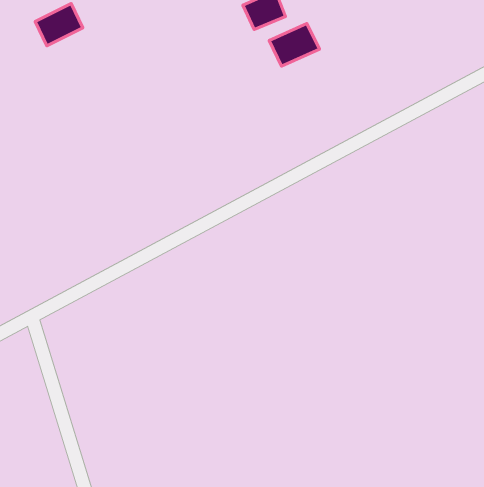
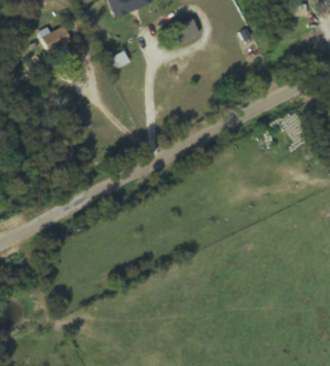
building: [269,23,319,66] -> none

